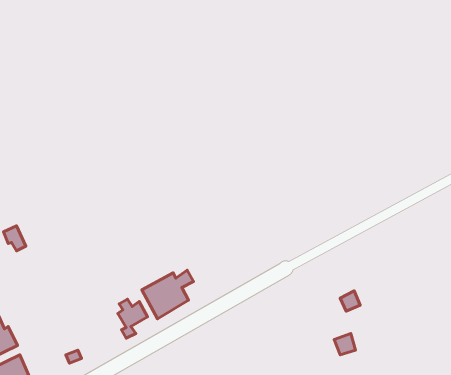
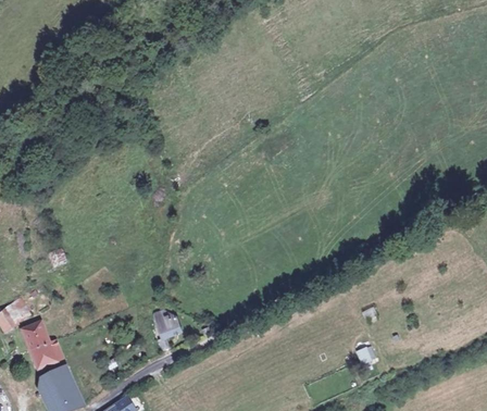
building: [142,270,194,319] -> none

